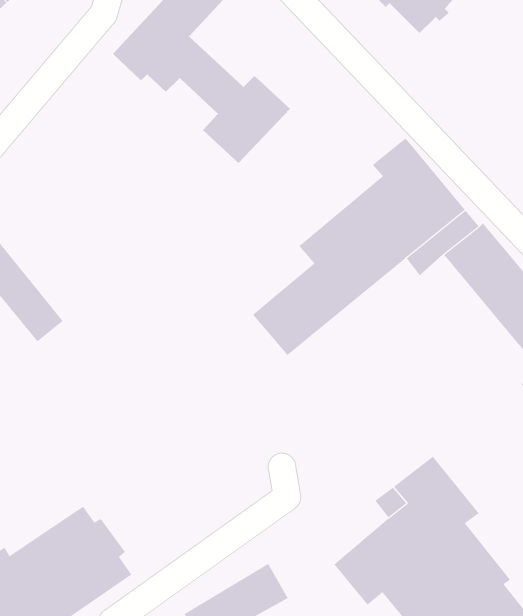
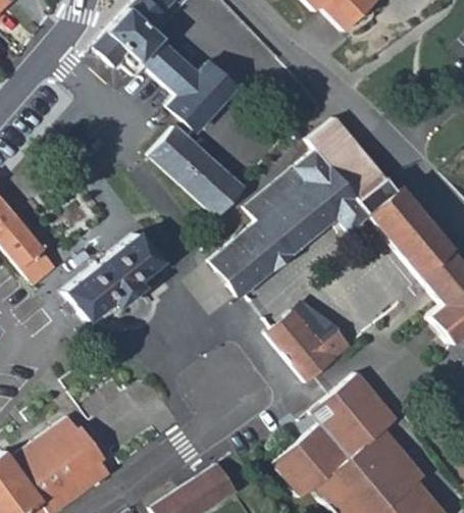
building: none -> [153,130,245,219]
building: none -> [66,233,161,319]
building: none -> [267,308,352,381]

